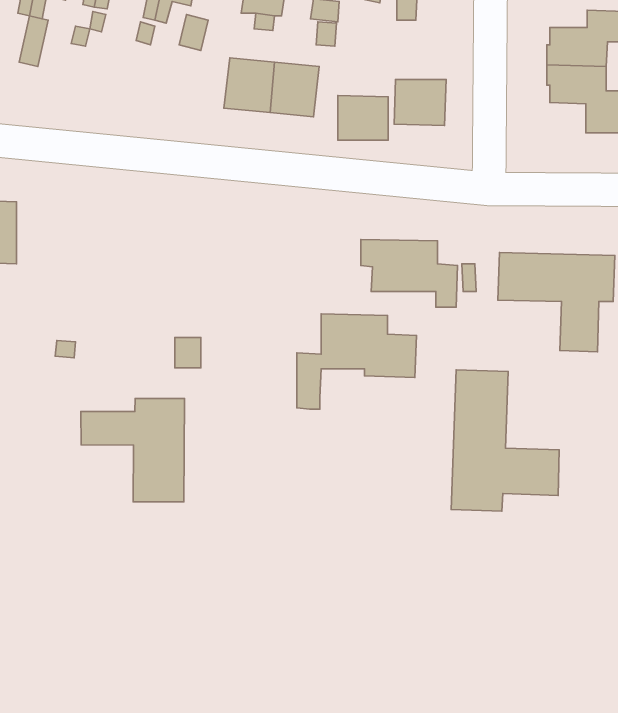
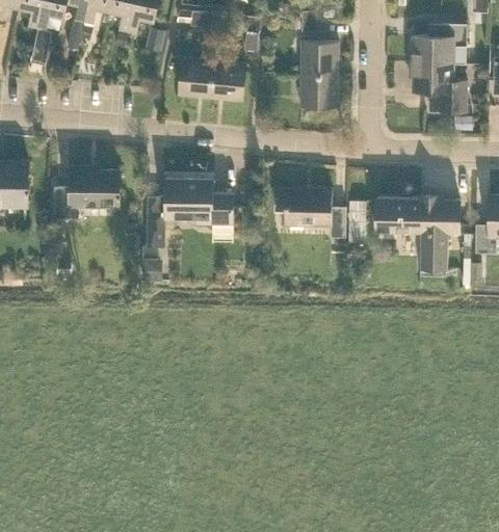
building: [338,95,388,140] -> [301,41,338,73]
building: none -> [54,166,120,216]
building: [297,314,416,409] -> [148,178,234,246]
building: [451,370,559,511] -> none
building: [81,399,185,502] -> none

